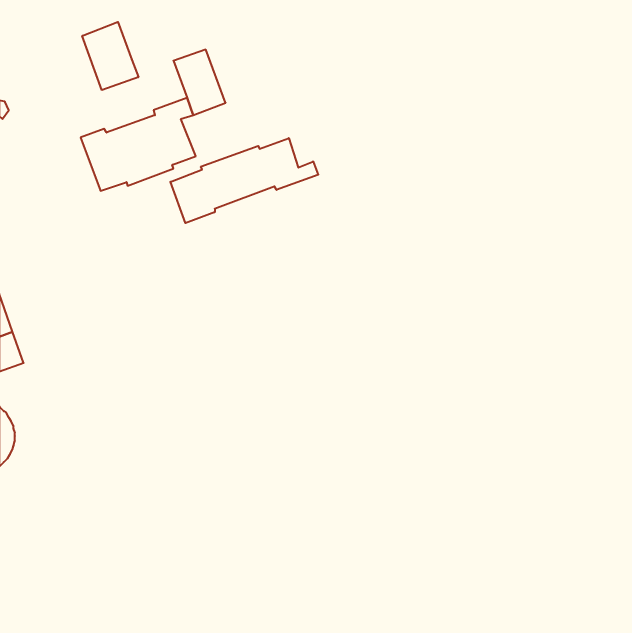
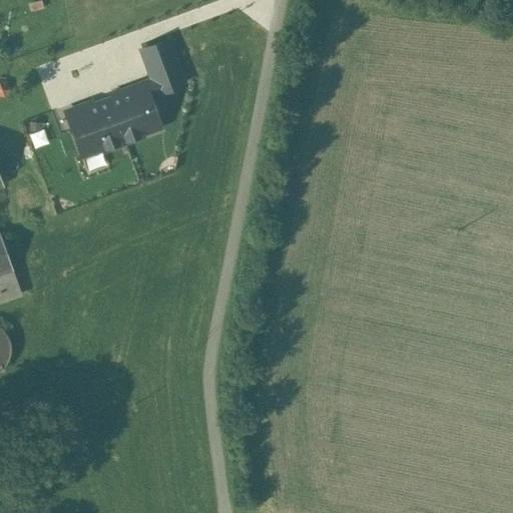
building: [82,22,138,90] -> none
building: [170,138,318,223] -> none

